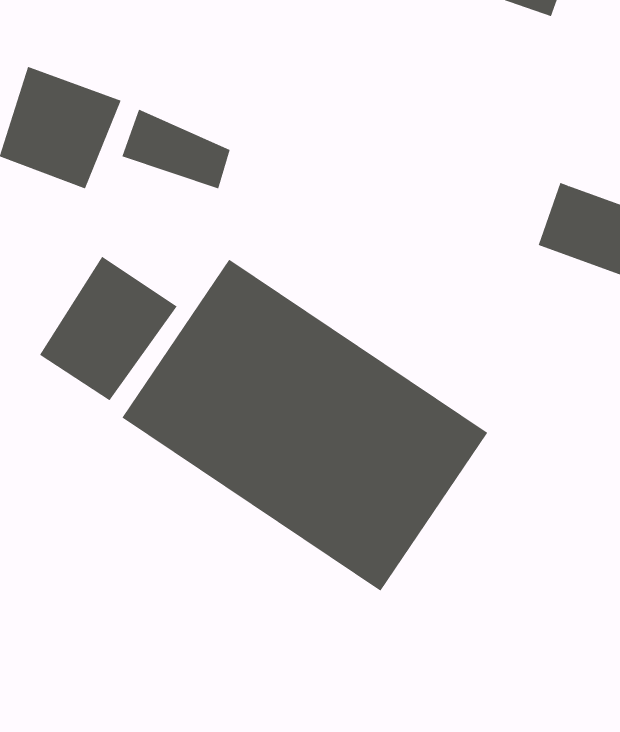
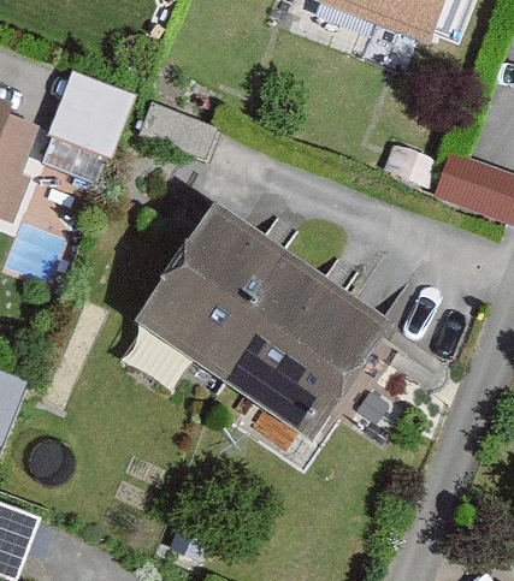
building: [39,256,178,401] -> none

